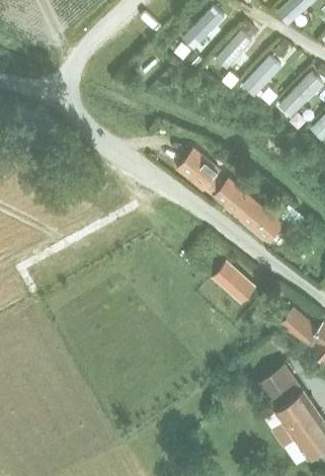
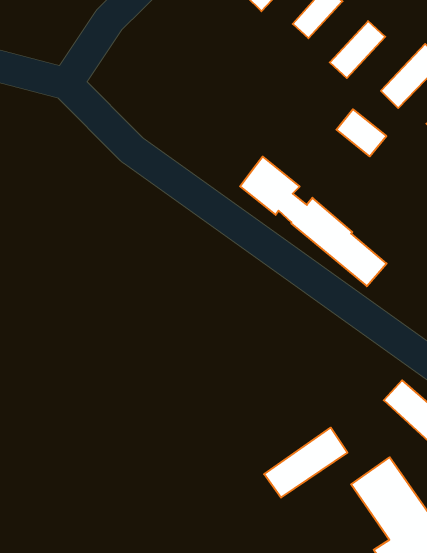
building: none -> [336,109,386,156]
building: [213,263,256,305] -> none
building: none -> [264,428,347,498]

